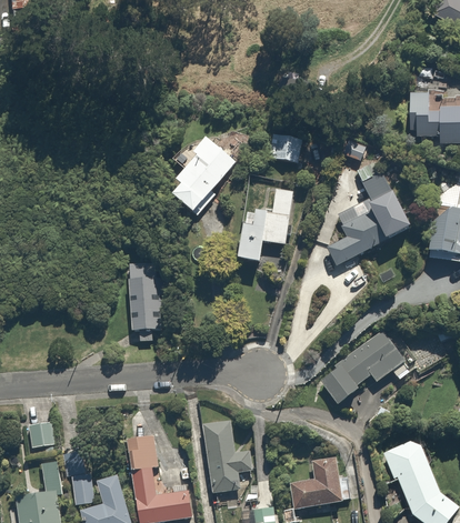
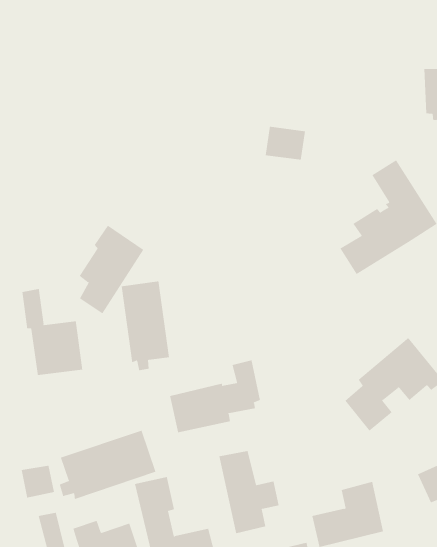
building: [174,137,236,215] -> [79,225,144,314]
building: [239,188,292,266] -> none
building: none -> [22,288,83,376]
building: none -> [170,360,261,433]
building: none -> [59,430,156,500]

